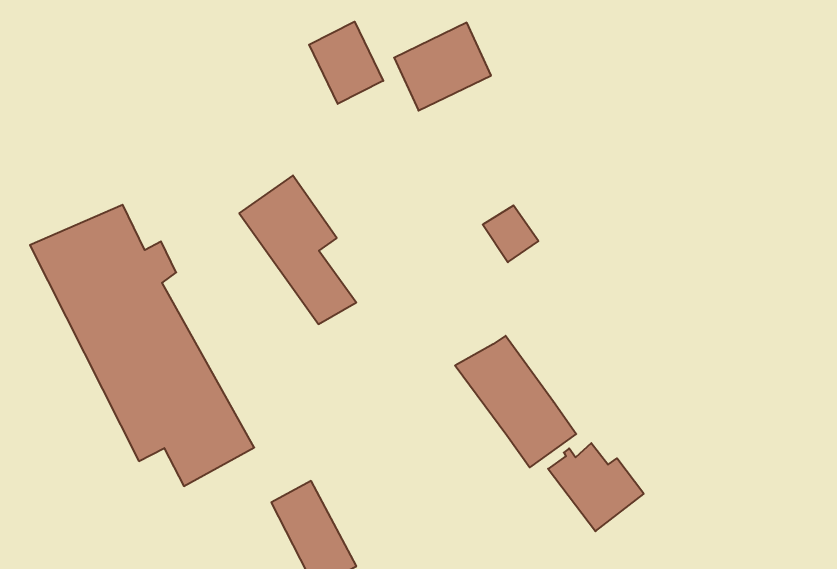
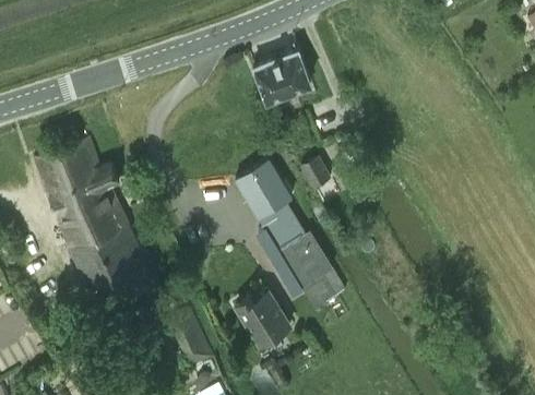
building: [309,22,383,104] -> none
building: [239,175,356,324] -> [236,160,300,248]
building: [548,443,644,531] -> [237,295,292,346]

